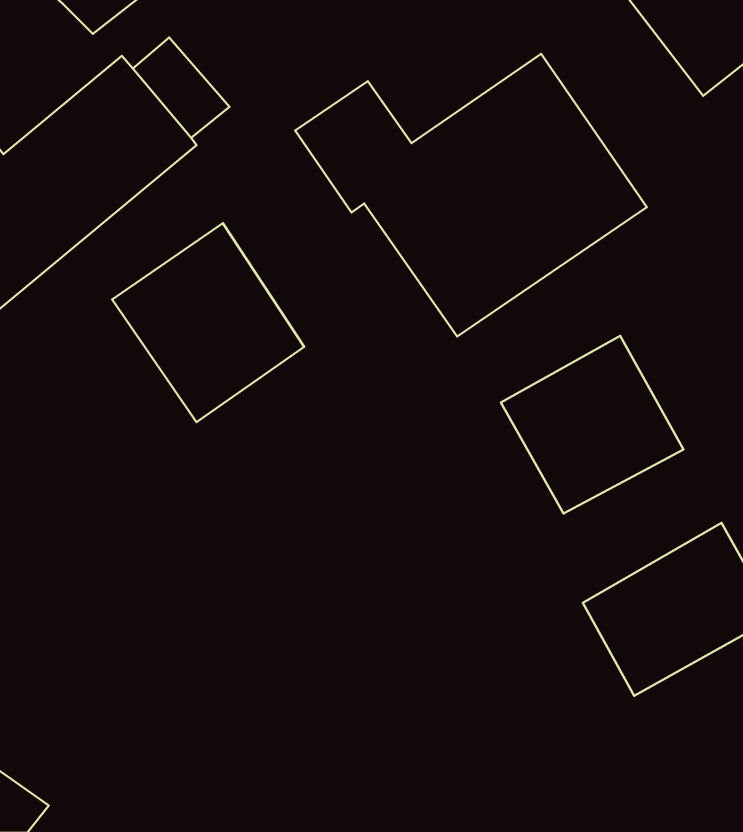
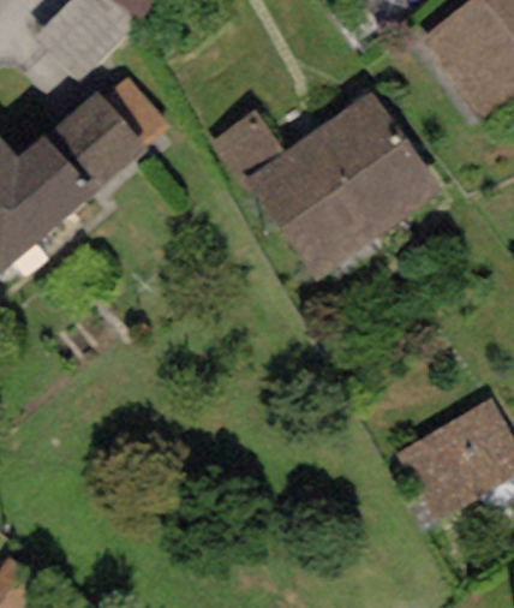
building: [112,223,304,422] -> none
building: [501,336,684,513] -> none

